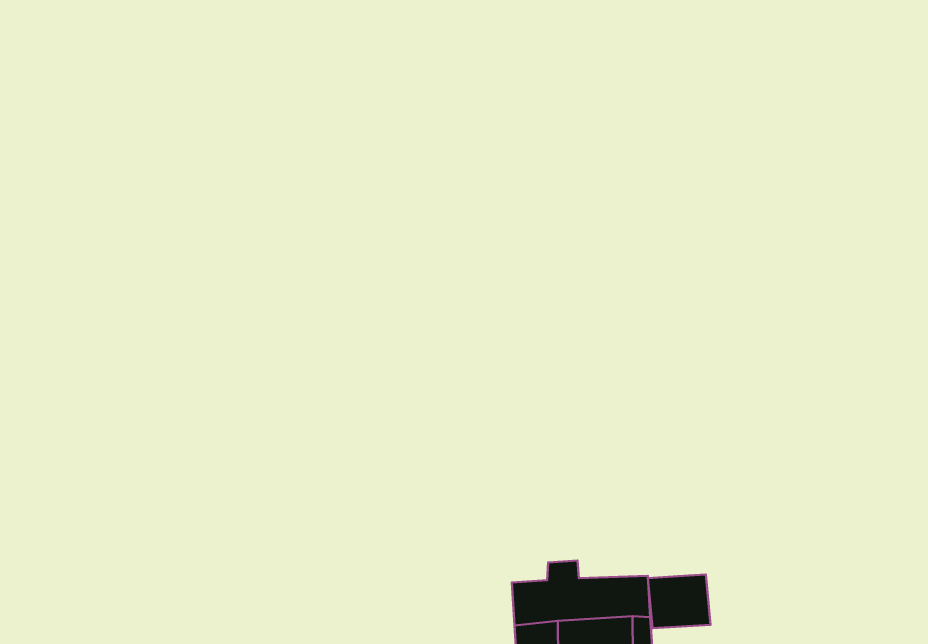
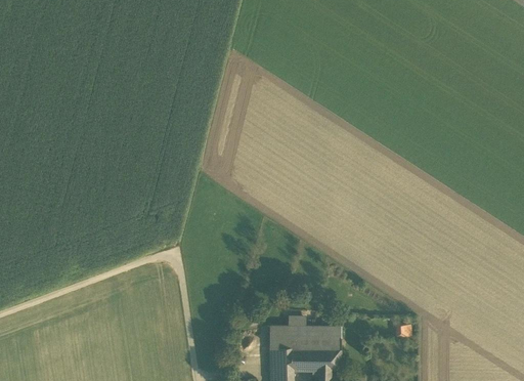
building: [648,574,710,628] -> none

